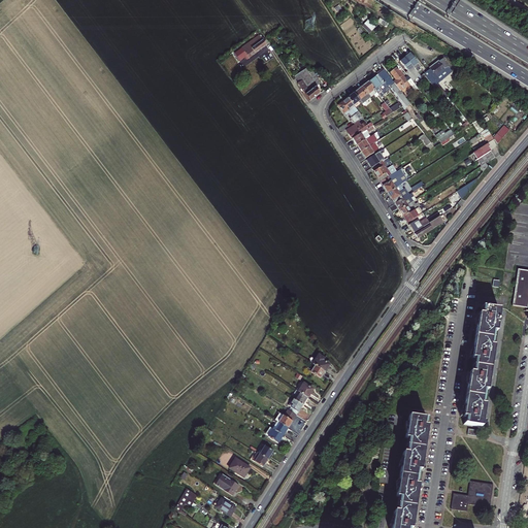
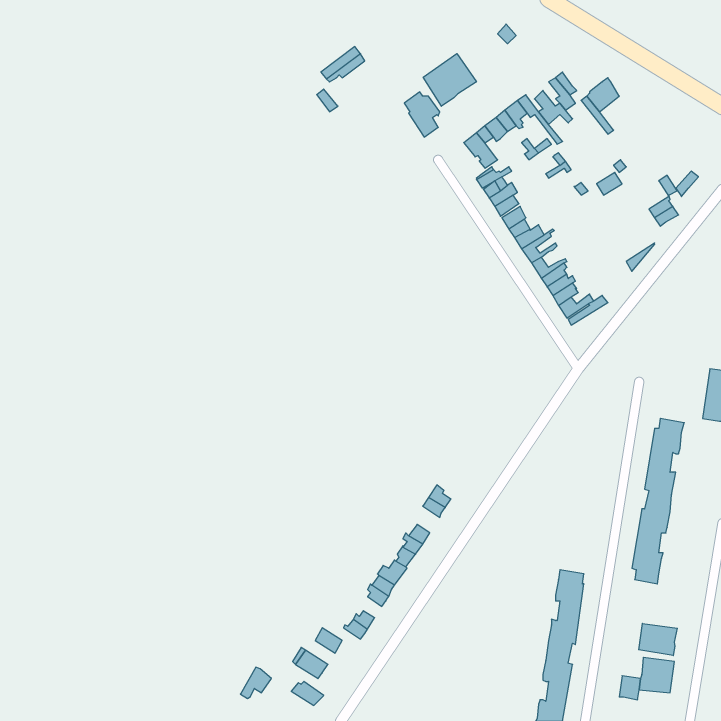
building: none -> [423,54,476,106]
building: none -> [639,623,677,656]

